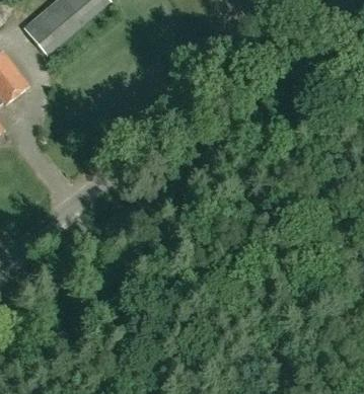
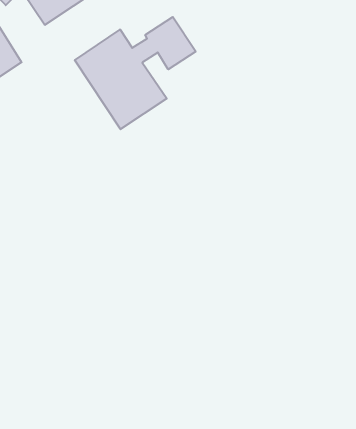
building: none -> [75,17,196,129]

